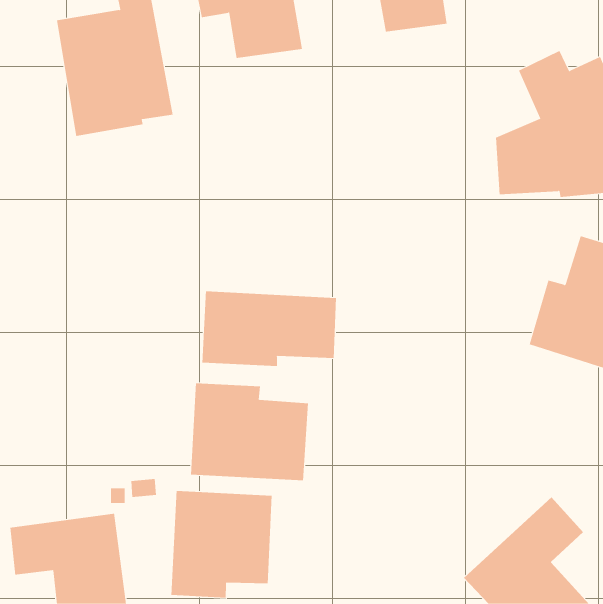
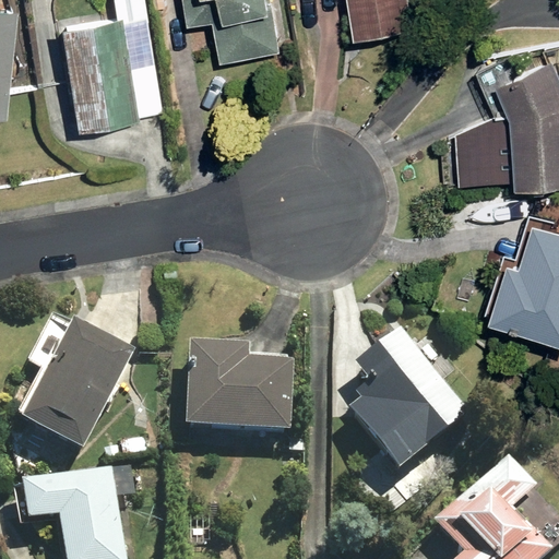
building: [202,291,337,367] -> none
building: none -> [16,325,132,461]
building: none -> [344,331,471,477]
building: [171,490,272,598] -> none

